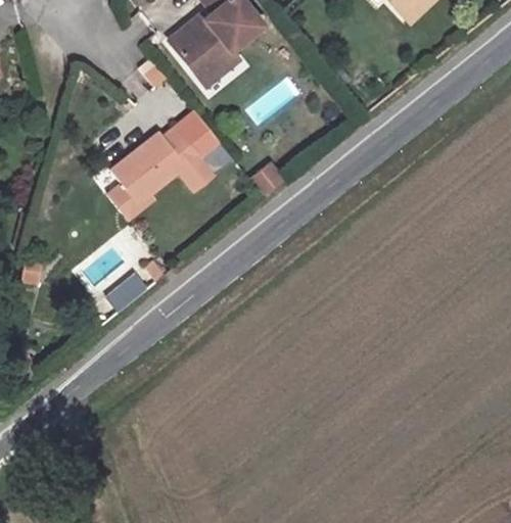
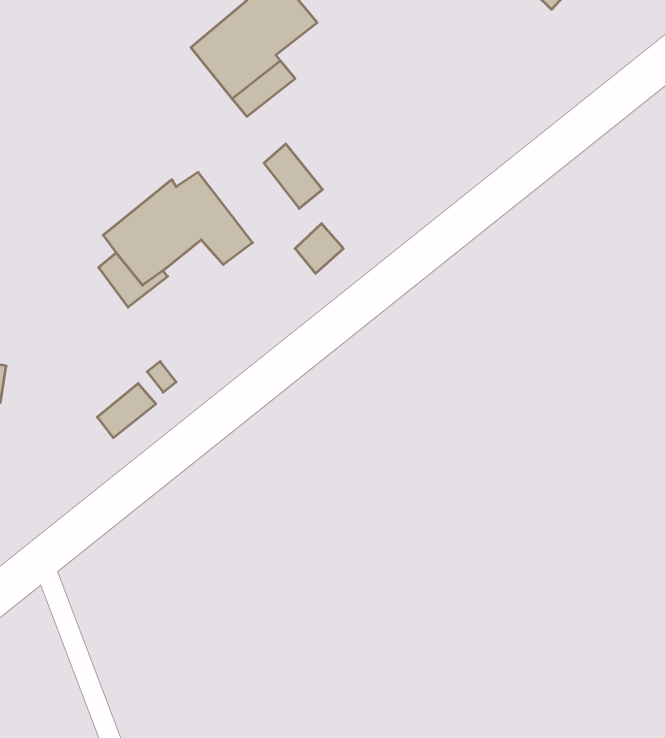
building: [177,112,218,157] -> [264,144,323,209]

